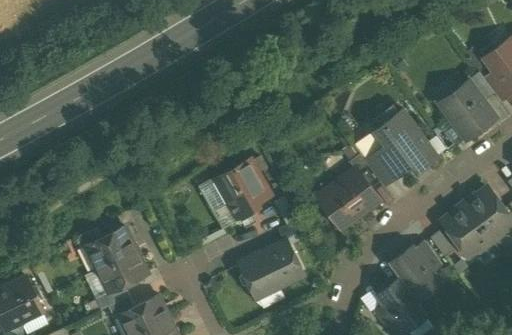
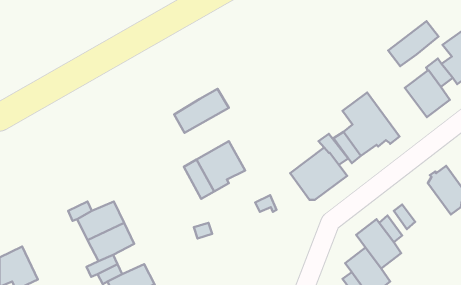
building: none -> [388,21,438,66]
building: none -> [174,89,229,133]
building: [442,208,492,256] -> none
building: [238,241,303,297] -> none

